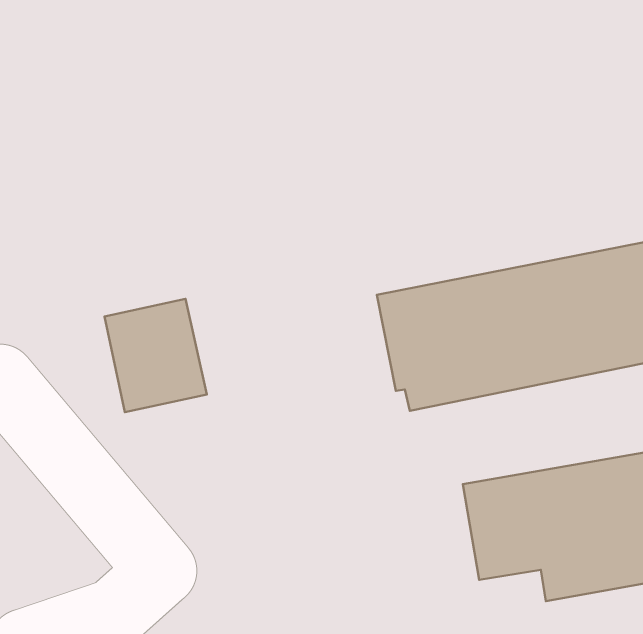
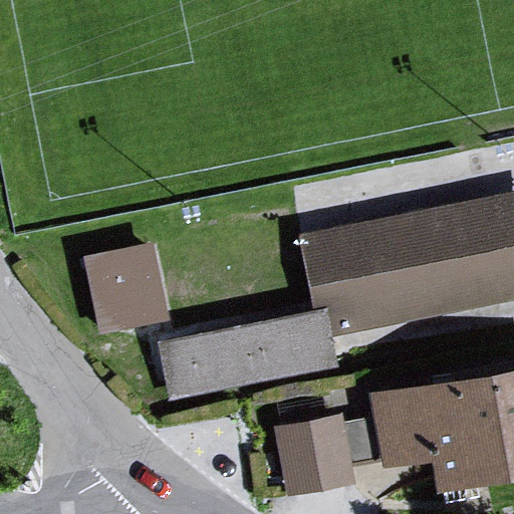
building: none -> [163,318,332,396]
building: none -> [277,418,354,495]

